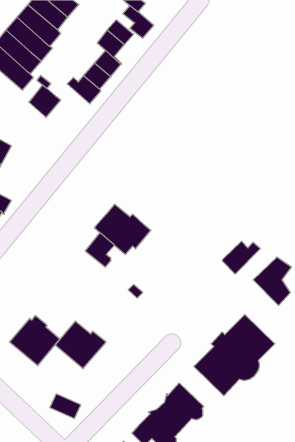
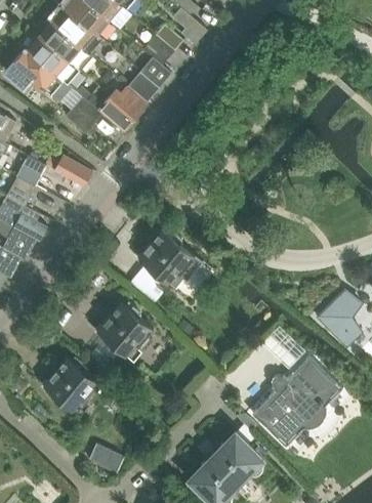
building: none -> [96,96,134,132]
building: none -> [44,155,91,186]
building: [222,241,260,274] -> none
building: [55,321,106,369] -> [98,304,156,358]

